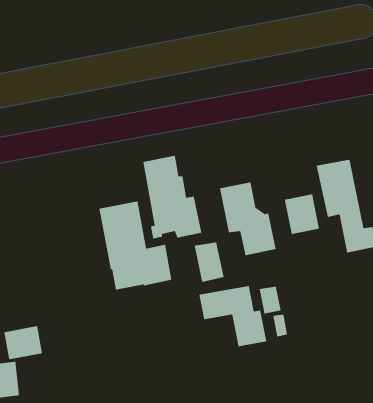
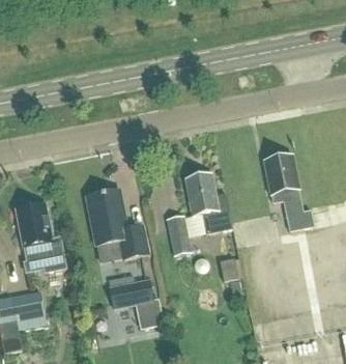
building: [142,155,202,239] -> [17,204,65,273]
building: [284,193,320,235] -> none
building: [199,286,267,347] -> [108,279,164,329]

